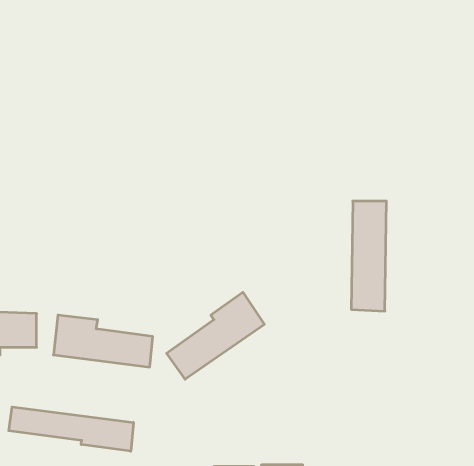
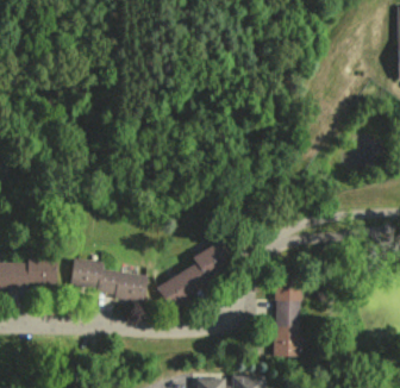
building: [351,201,386,311] -> [273,271,300,357]
building: [9,407,133,451] -> none

